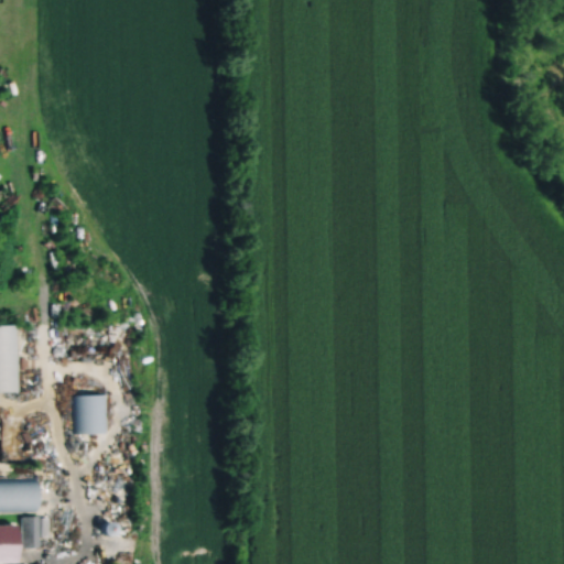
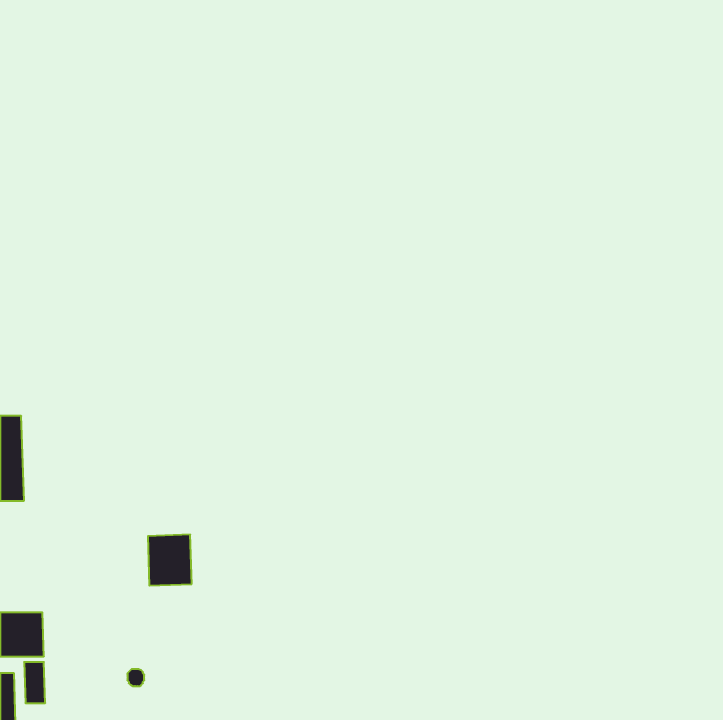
building: [72,395,106,435] -> [148,535,192,586]

